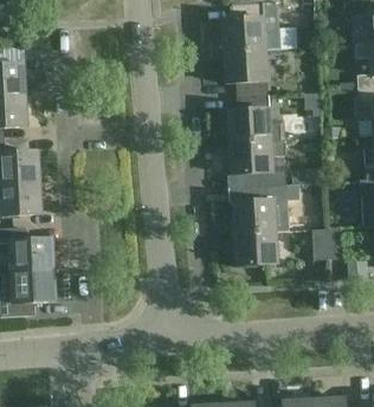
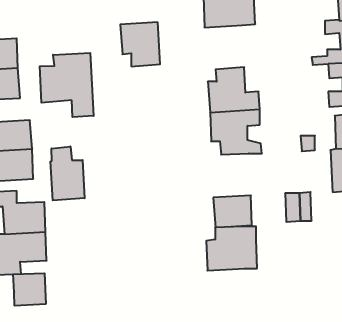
building: [225,49,267,96] -> [120,22,160,66]
building: none -> [40,53,94,117]
building: none -> [51,146,85,200]
building: [233,186,288,233] -> [206,226,257,271]
building: none -> [13,273,46,306]

